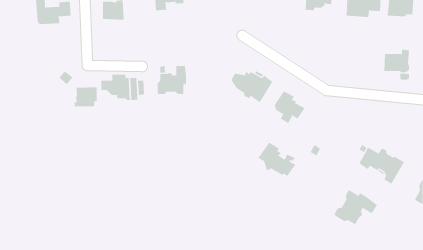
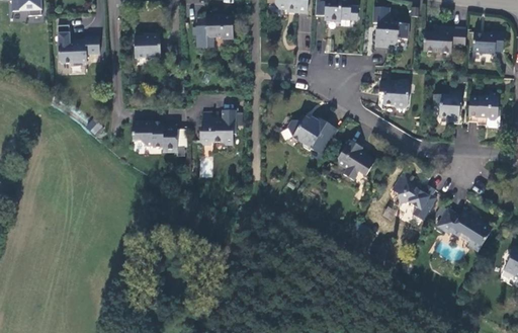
building: none -> [379,80,410,110]
building: none -> [433,89,461,121]
building: [74,86,97,107] -> none
building: [258,142,296,177] -> [392,170,437,212]
building: [334,189,378,225] -> none

